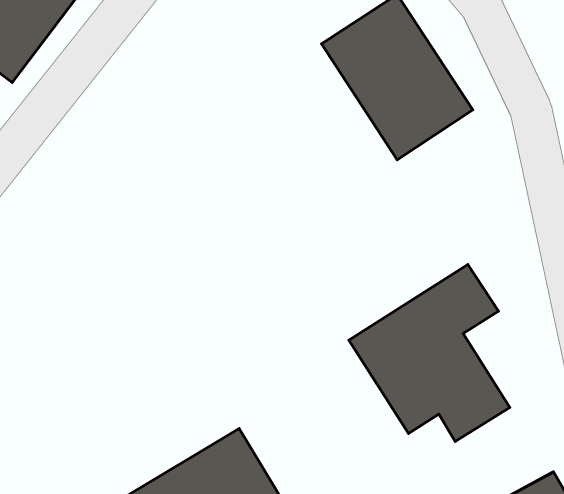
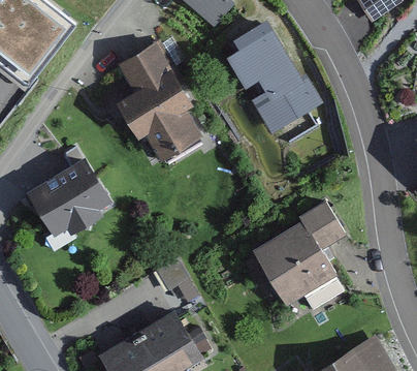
building: none -> [116,48,207,169]
building: none -> [26,157,109,236]

